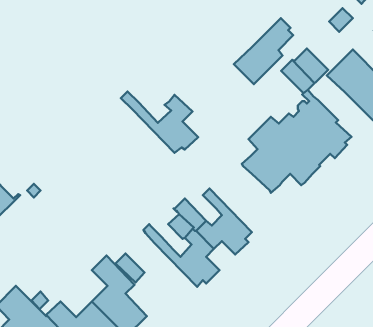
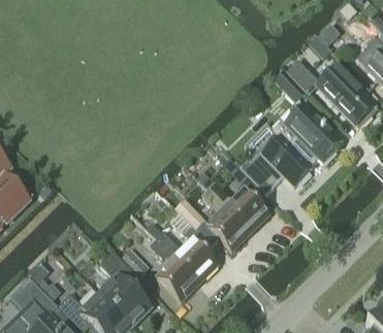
building: [234,18,293,84] -> none
building: [121,91,198,153] -> [197,172,268,229]
building: none -> [151,239,196,300]

